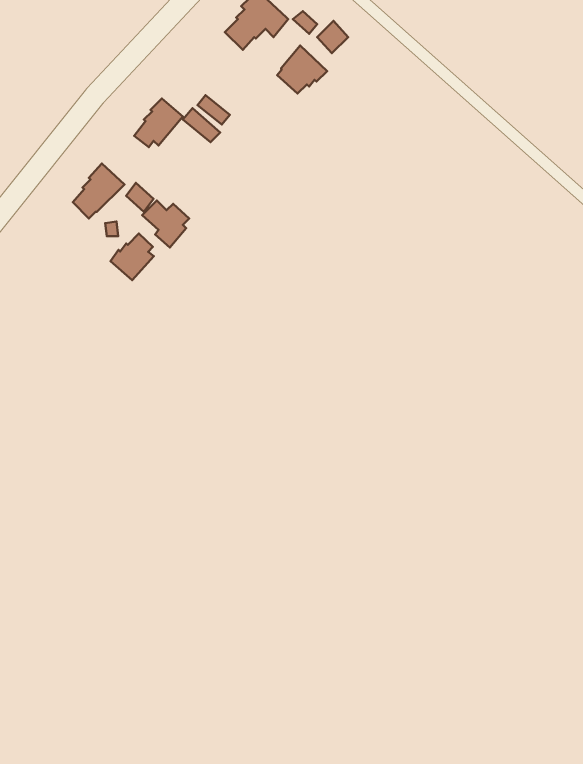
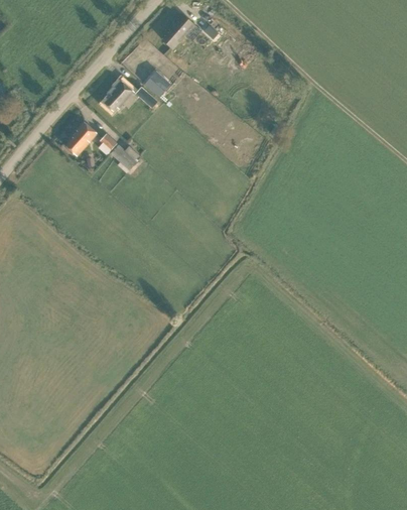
building: [277,46,327,94] -> none
building: [110,234,154,280] -> none

